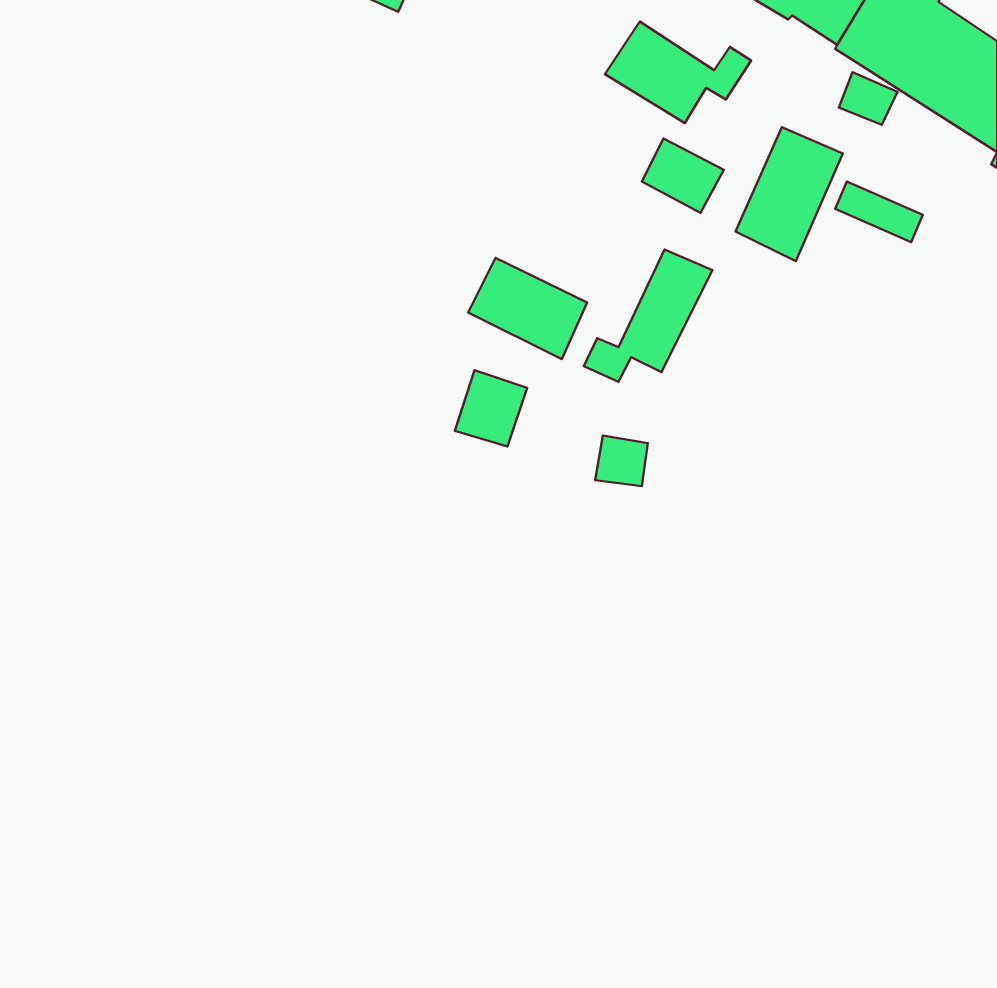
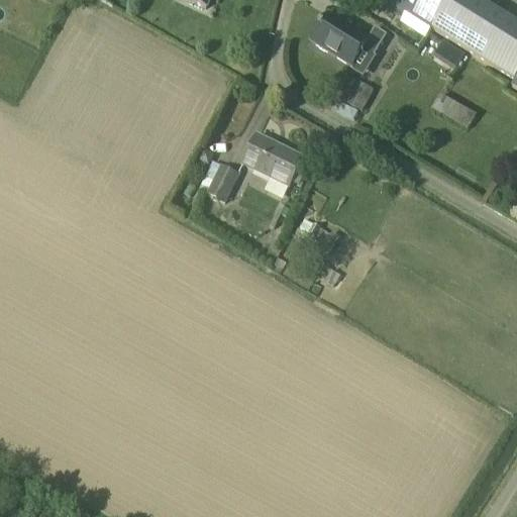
building: [735,127,843,261] -> none
building: [584,250,712,382] -> none
building: [455,370,527,446] -> [201,159,238,198]

